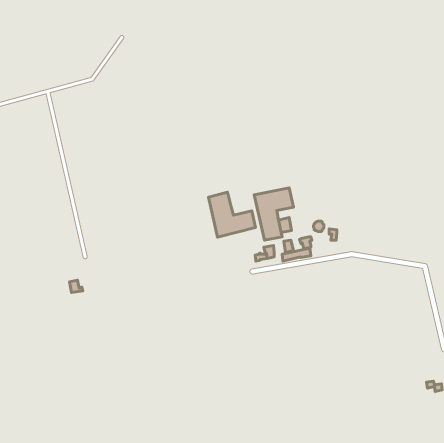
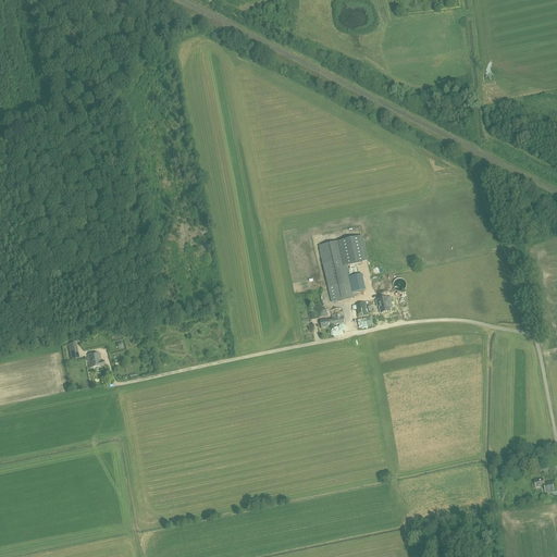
building: [209,192,256,237] -> none

